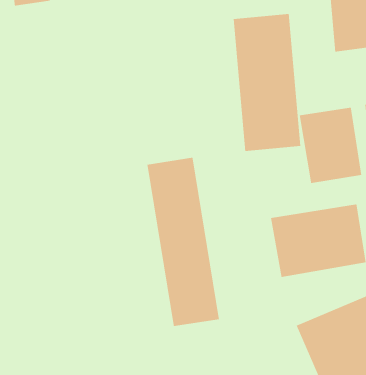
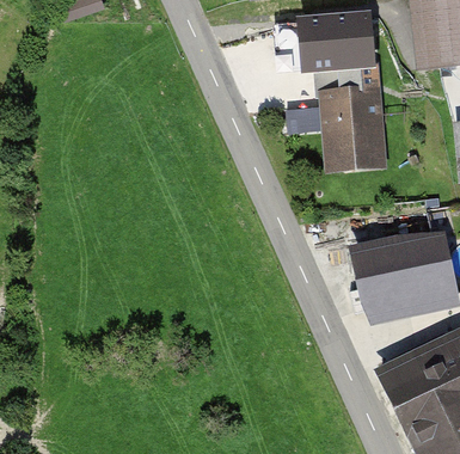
building: [299,107,362,184] -> none
building: [147,157,220,327] -> none

